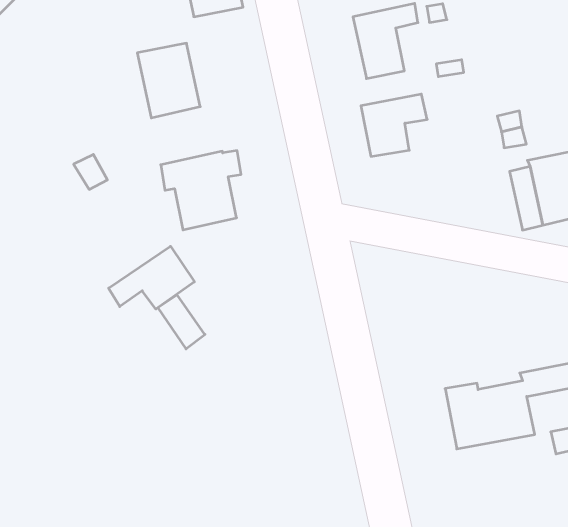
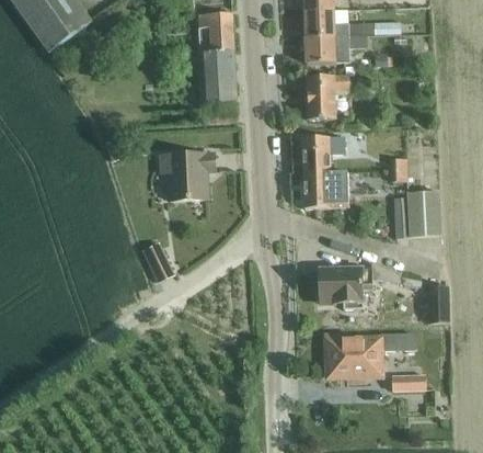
building: [137,43,200,118] -> [199,57,235,103]
building: none -> [302,171,344,207]
building: [109,246,194,309] -> none
building: none -> [320,261,401,308]

